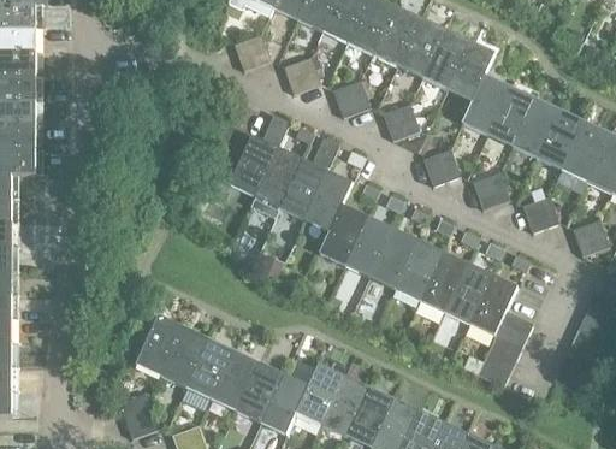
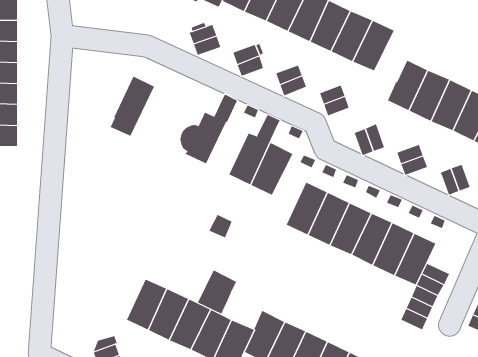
building: [448,41,494,100] -> none
building: [250,147,302,217] -> [110,76,155,137]
building: [319,205,368,265] -> none
building: [136,315,183,374] -> none
building: none -> [197,269,237,314]

